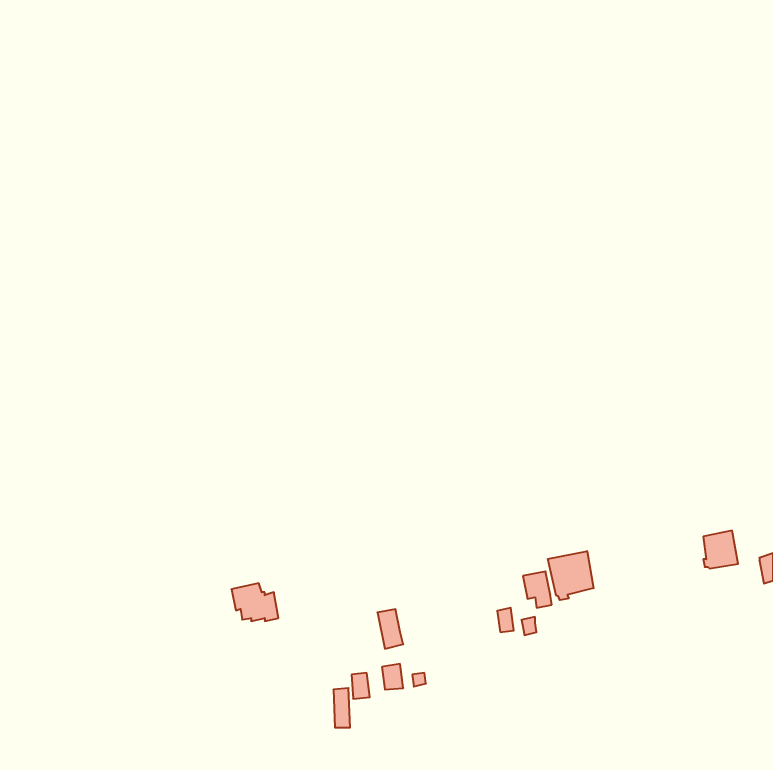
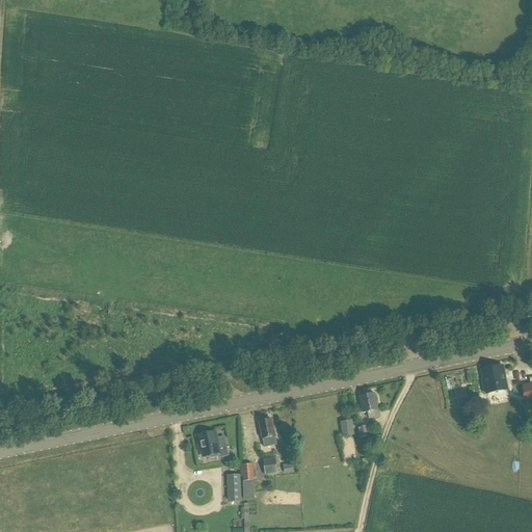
building: [548,551,594,600] -> none
building: [231,583,278,621] -> [195,429,228,455]

